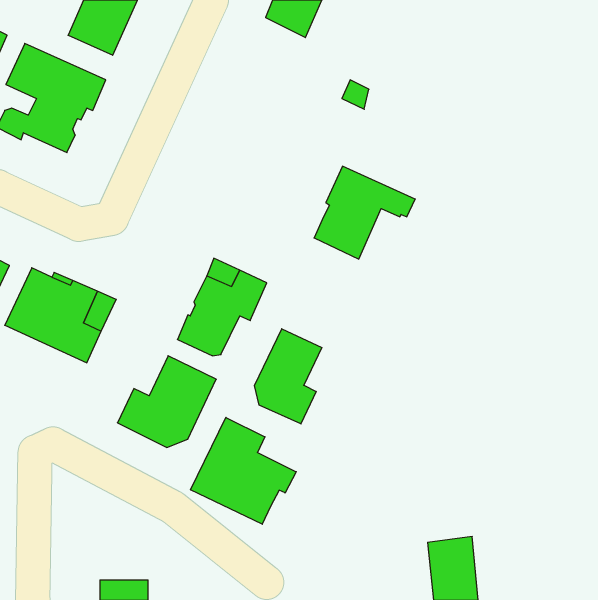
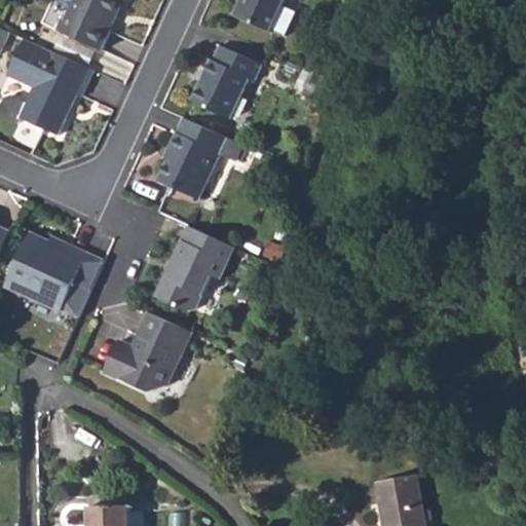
building: none -> [190,46,260,119]
building: [314,166,415,259] -> [157,117,246,198]
building: [254,329,322,424] -> none
building: [191,417,296,524] -> none

